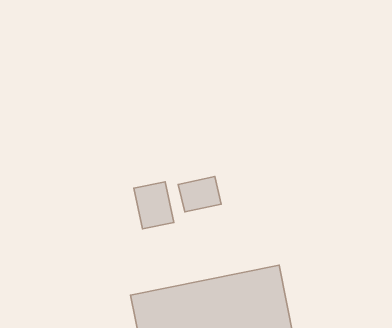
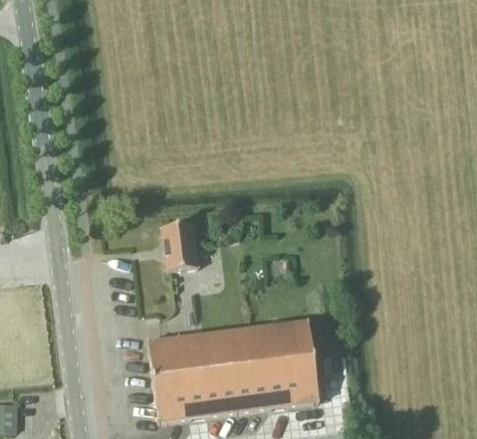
building: [178,177,221,212] -> none

